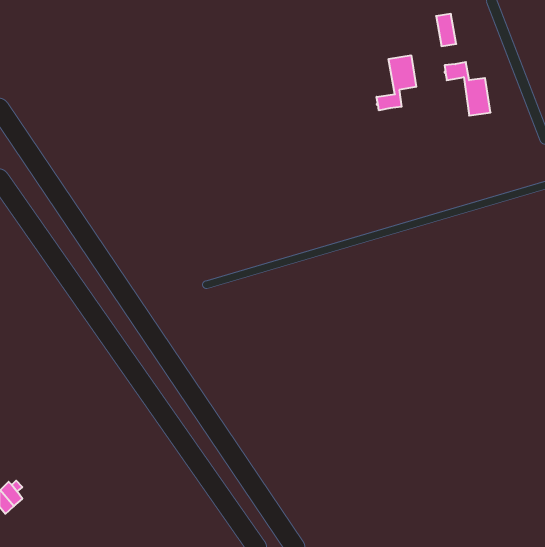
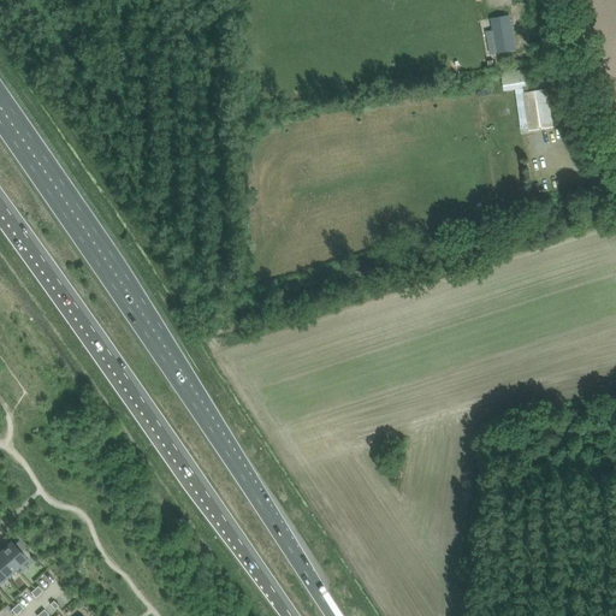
building: [377,55,416,110] -> none

